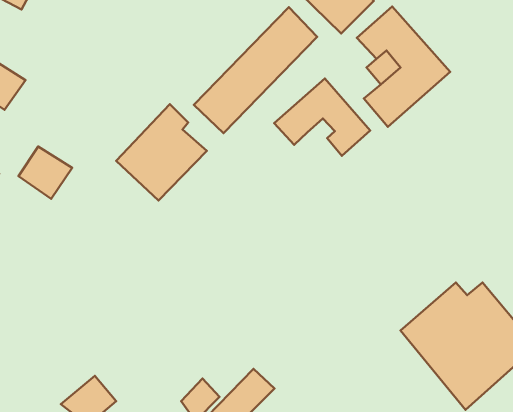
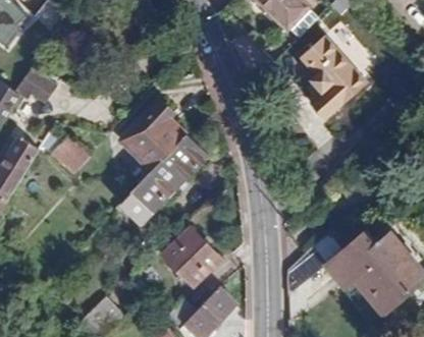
building: [194,7,317,133] -> [120,132,209,223]
building: [274,79,370,156] -> none
building: none -> [165,226,222,283]

